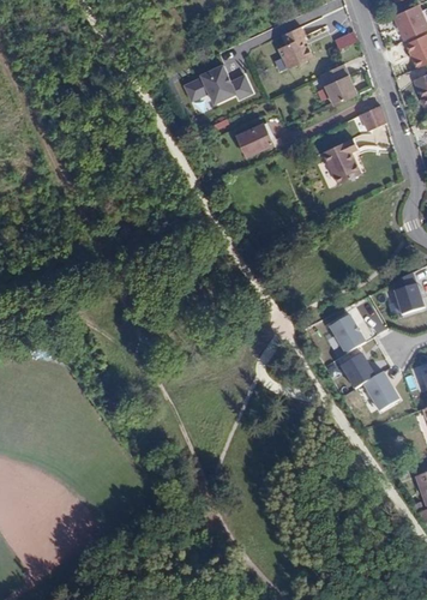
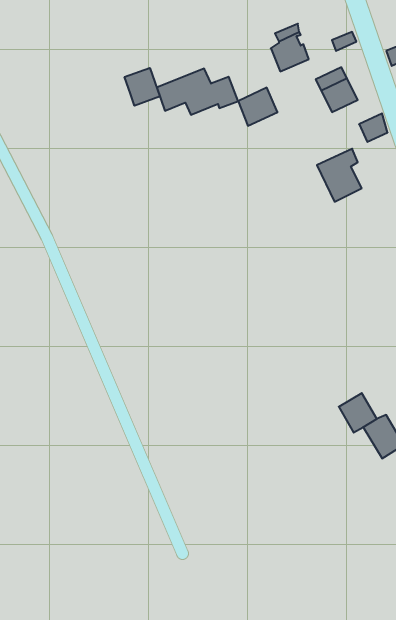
building: none -> [125,68,160,106]
building: [236,124,271,157] -> [238,88,278,126]
building: [330,313,365,352] -> none

